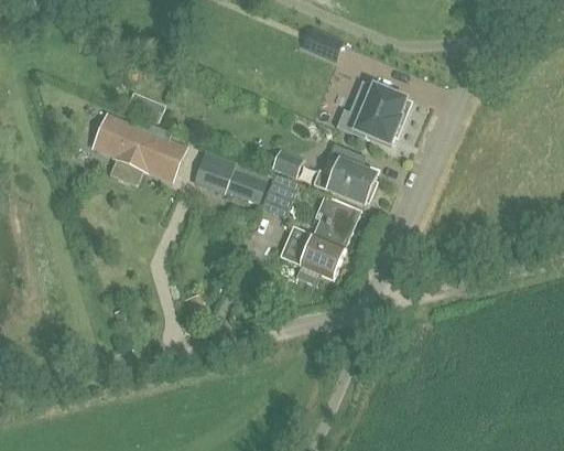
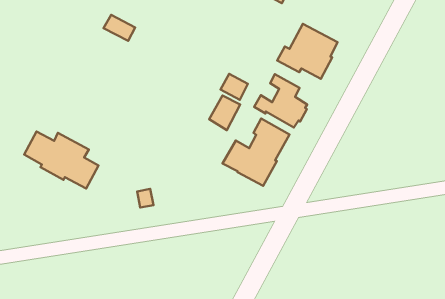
building: [94,117,183,180] -> [24,132,98,188]
building: [184,150,268,205] -> none

